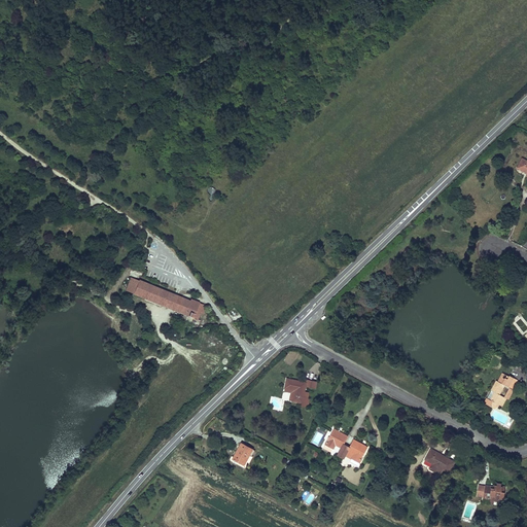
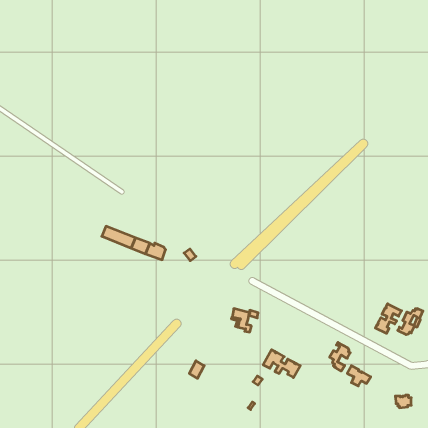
building: none -> [375,304,402,333]
building: none -> [330,342,350,371]

